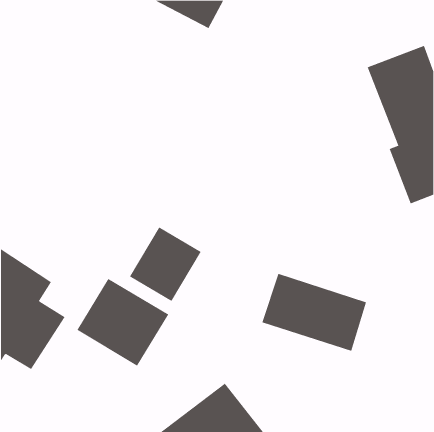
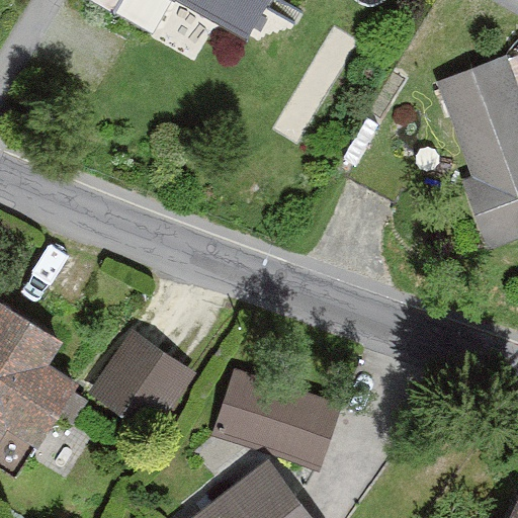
building: [129,227,201,302] -> none
building: [262,273,367,351] -> [213,370,339,463]

